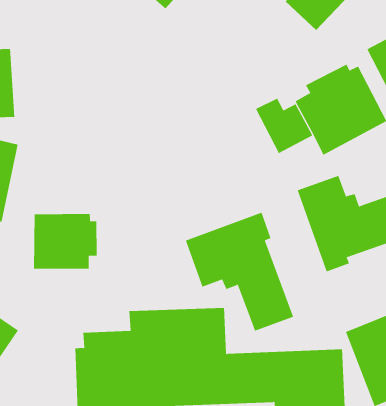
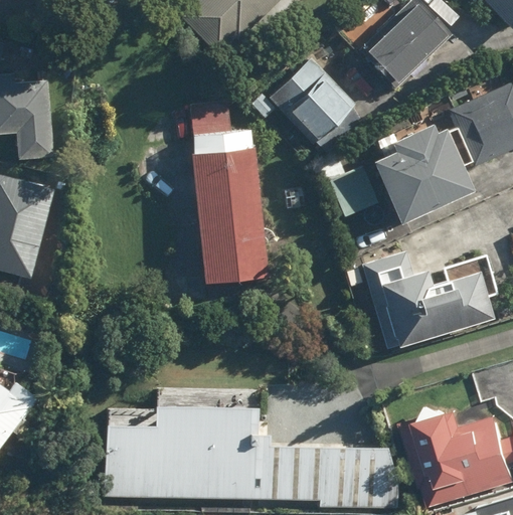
building: none -> [270,56,373,150]
building: none -> [187,127,266,287]
building: [185,212,294,331] -> none
building: [34,213,97,270] -> none

